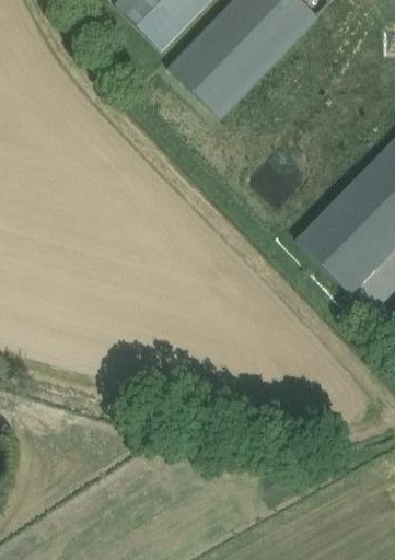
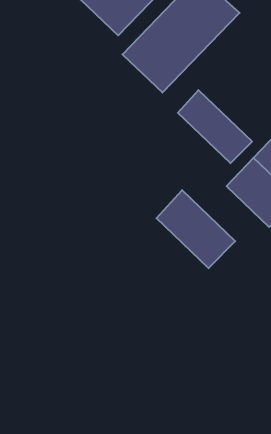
building: none -> [178,90,252,163]
building: none -> [156,190,235,268]

